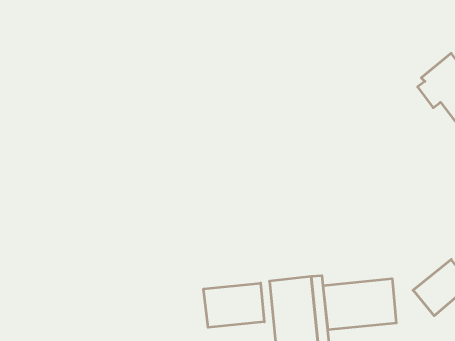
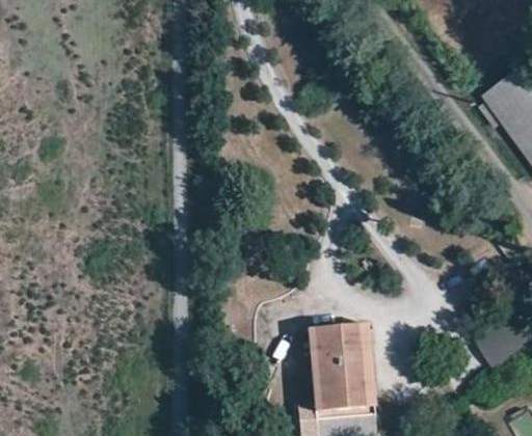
building: [323,279,396,330] -> none
building: [204,283,264,327] -> none

